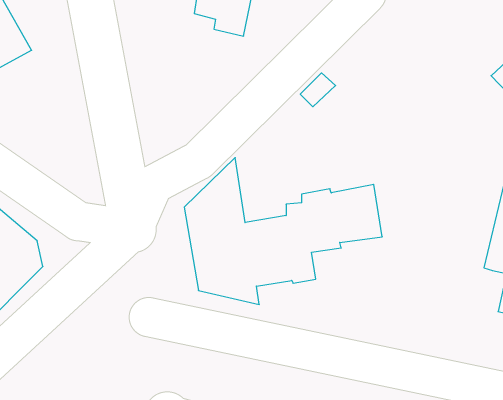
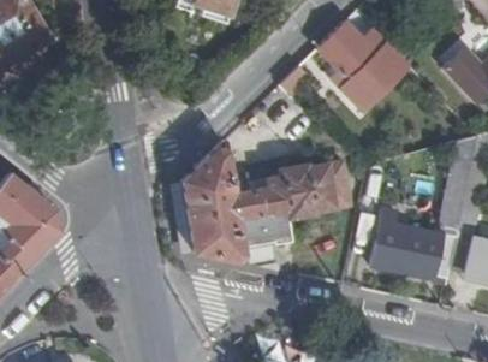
building: none -> [317,19,409,111]
building: none -> [371,209,444,277]

